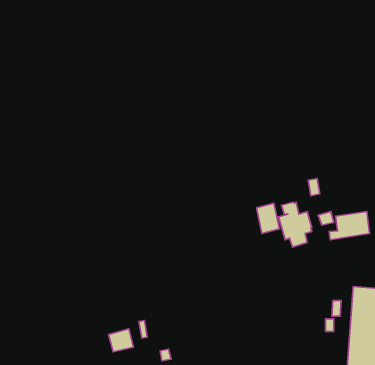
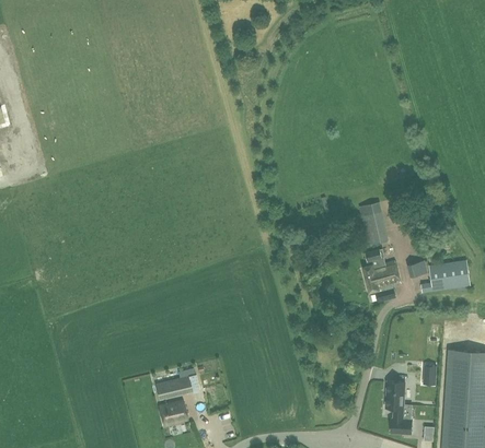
building: [256,203,279,234] -> [361,210,389,246]
building: none -> [154,376,193,400]
building: none -> [386,381,412,434]

